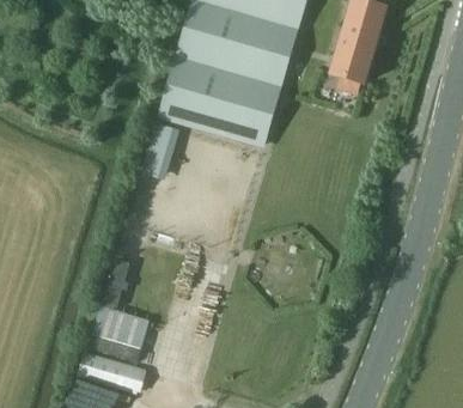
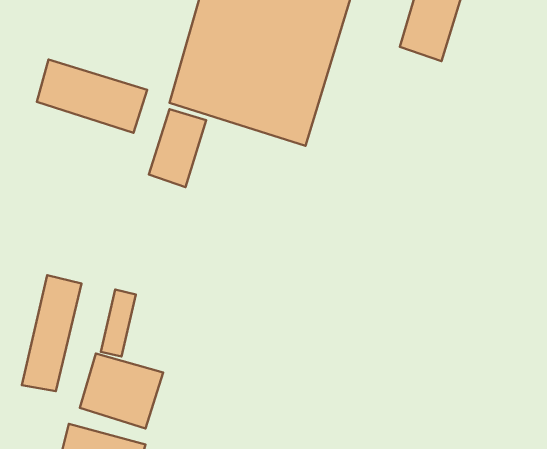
building: none -> [37,59,147,133]
building: none -> [22,275,81,391]

